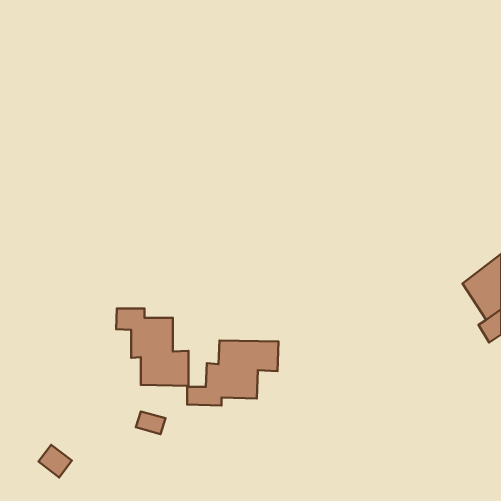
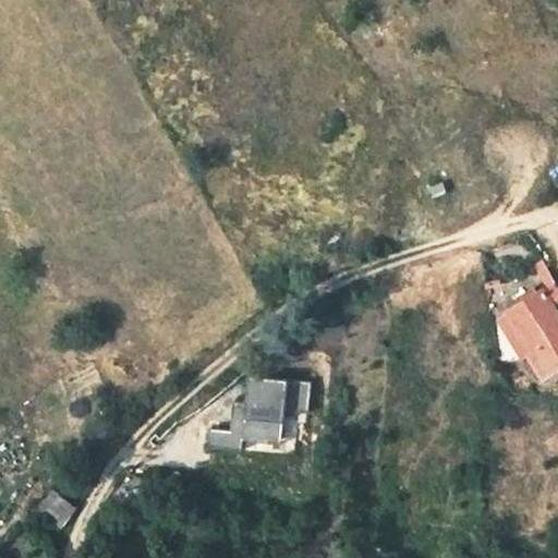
building: [116,308,189,386] -> none

